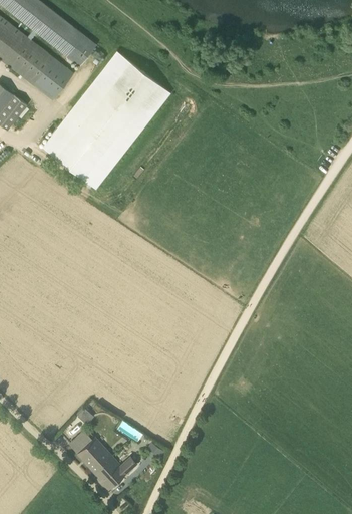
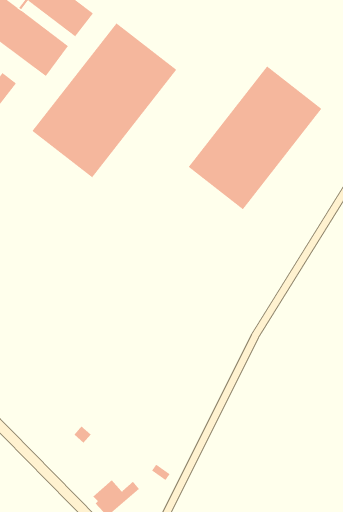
building: none -> [188,66,322,210]
building: [70,432,111,472] -> none

